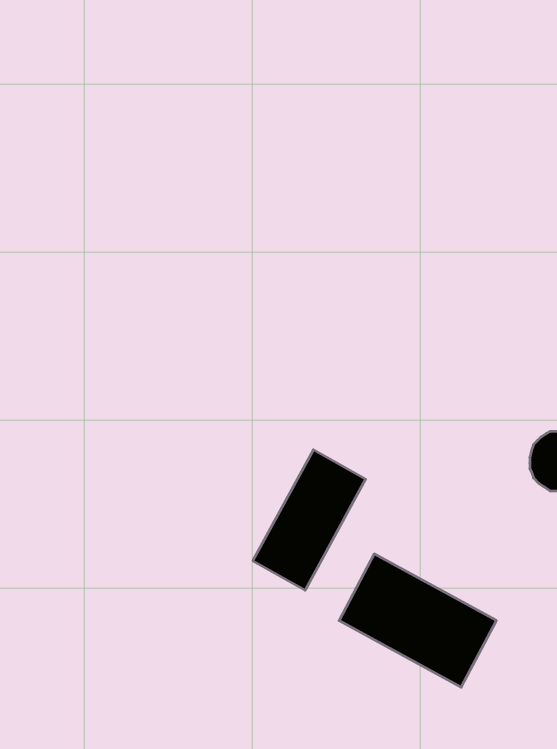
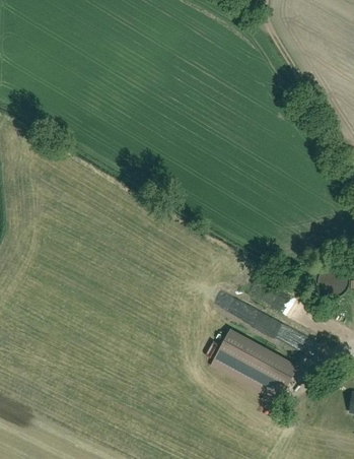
building: [253,450,366,590] -> none

